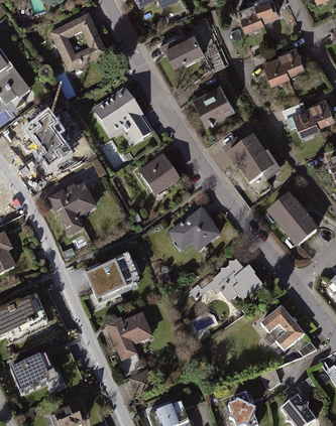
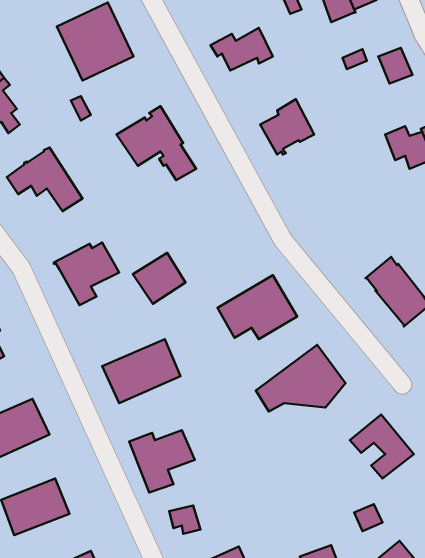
building: [264,54,289,81] -> none
building: [224,136,276,181] -> none
building: [140,156,178,192] -> [133,253,186,304]

